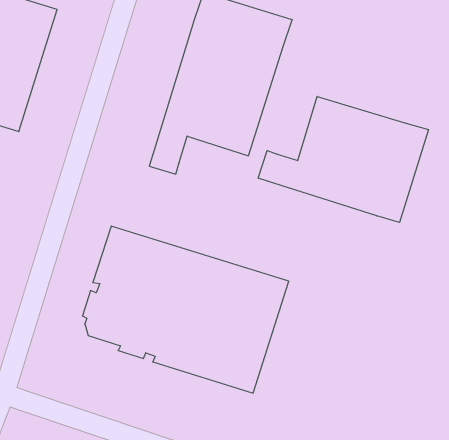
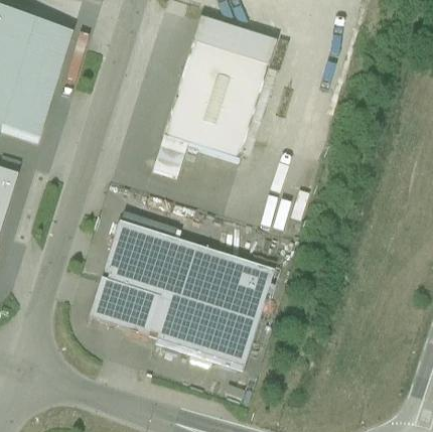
building: [258,96,428,222] -> none

